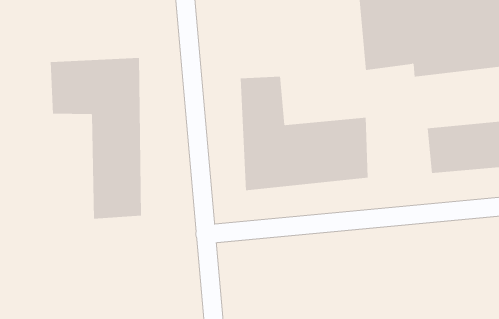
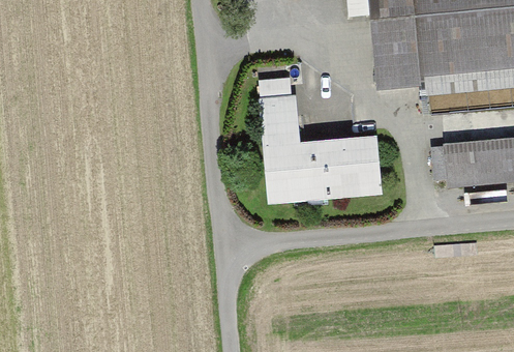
building: [50,57,142,219] -> none

